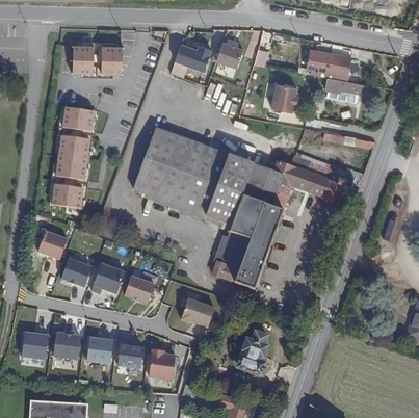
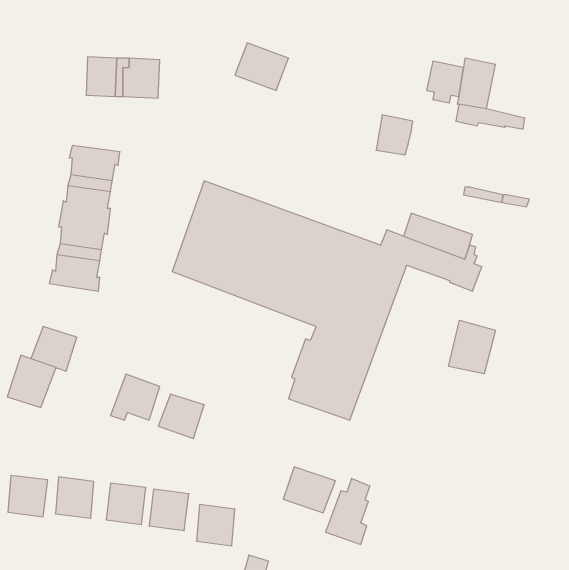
building: [215,40,242,66] -> none
building: none -> [448,320,496,374]
building: [60,251,94,286] -> [7,355,56,407]
building: [180,295,215,326] -> [283,467,335,513]

